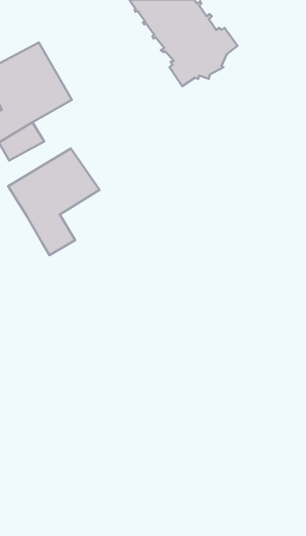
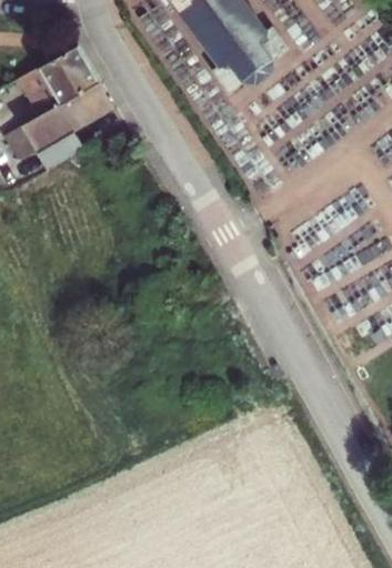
building: [8,149,99,255] -> none

